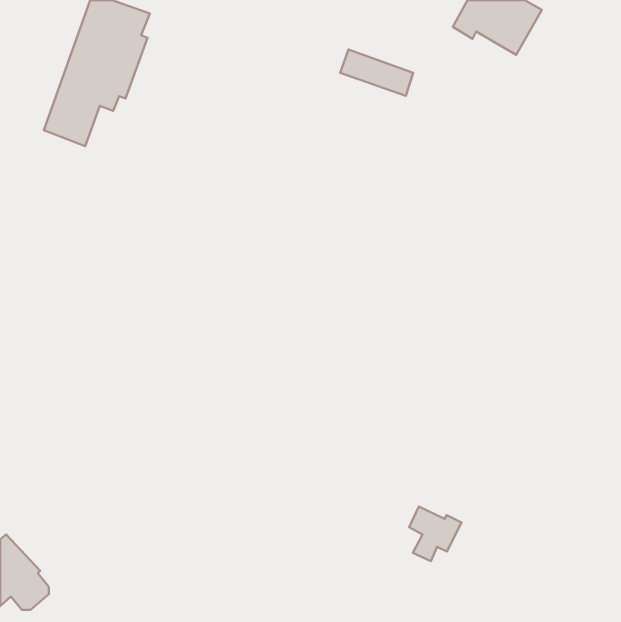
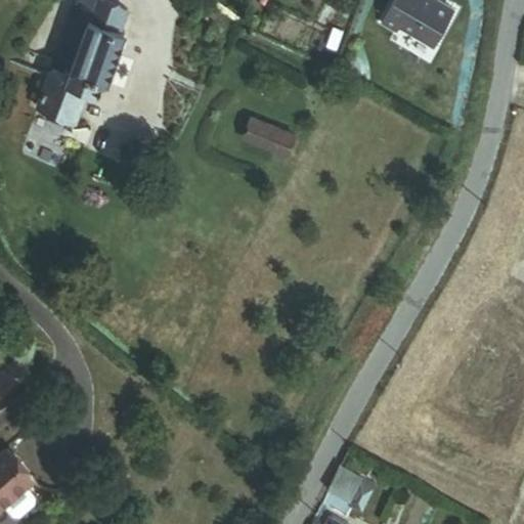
building: [340,50,413,96] -> [244,120,305,159]
building: [409,507,461,561] -> [329,472,373,518]

